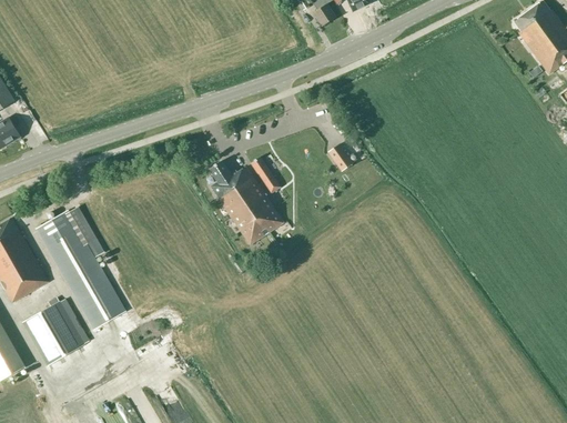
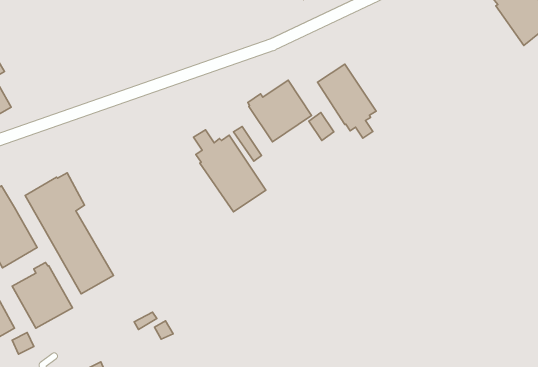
building: none -> [317,64,376,138]
building: none -> [248,80,312,142]

